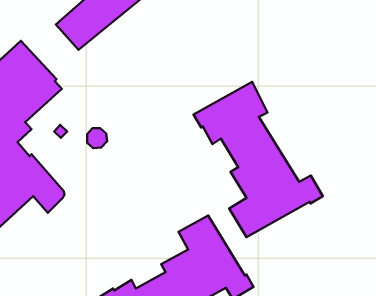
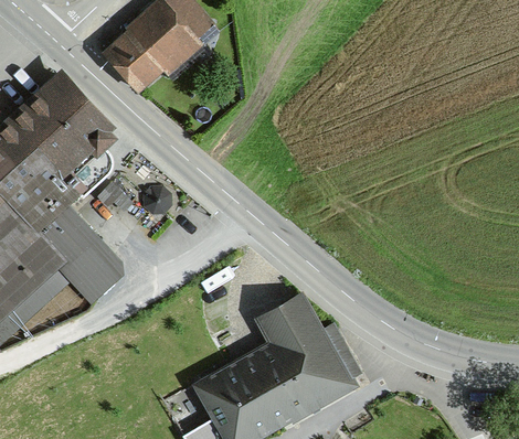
building: [194,82,323,237] -> none

